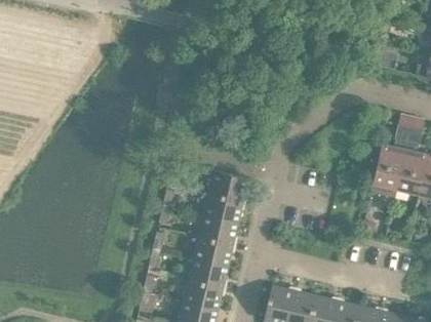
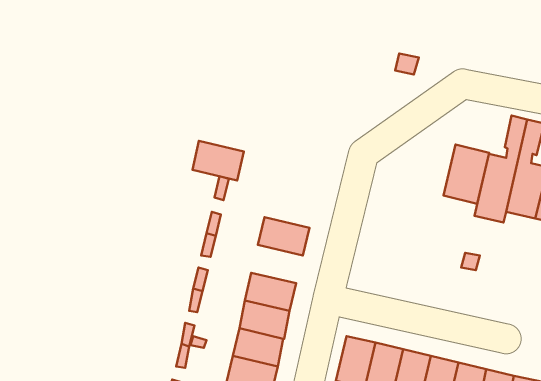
building: none -> [443,145,489,204]
building: [207,170,247,201] -> [192,141,244,180]
building: [197,214,237,244] -> none

